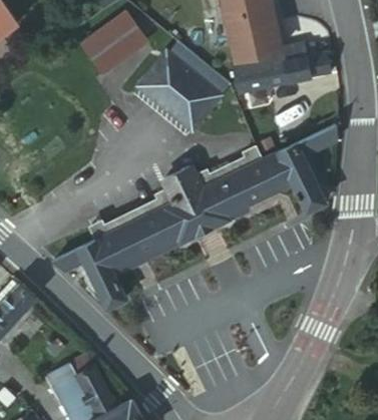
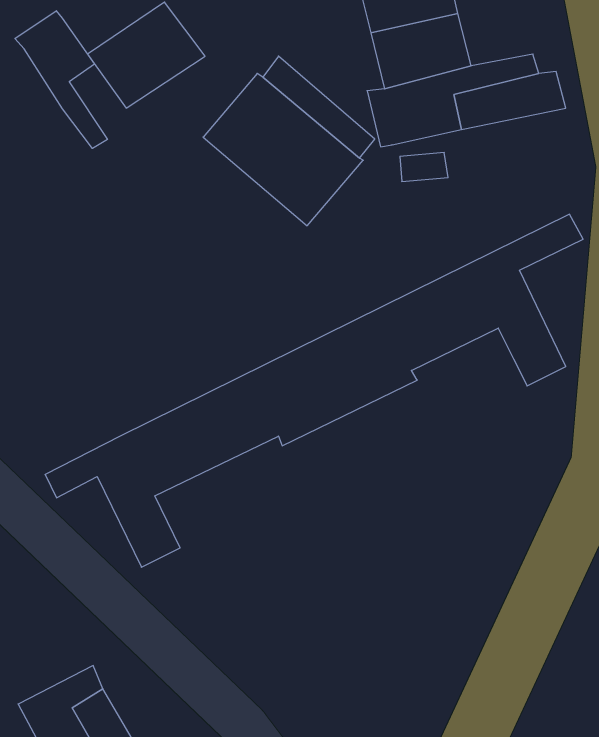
building: none -> [15,11,107,148]
building: [92,146,265,240] -> none

